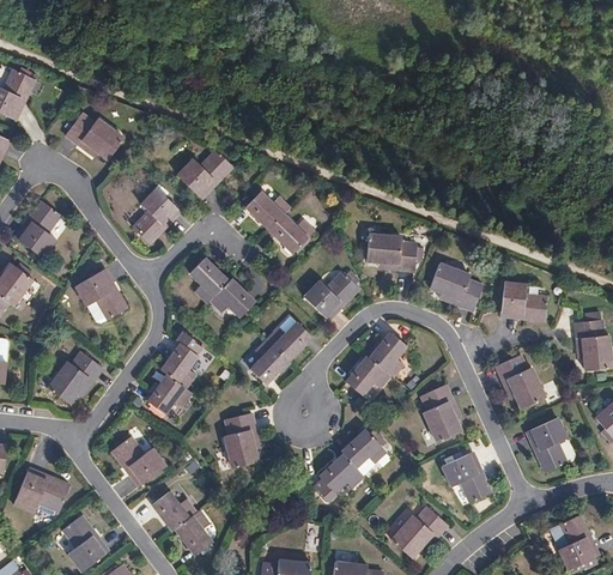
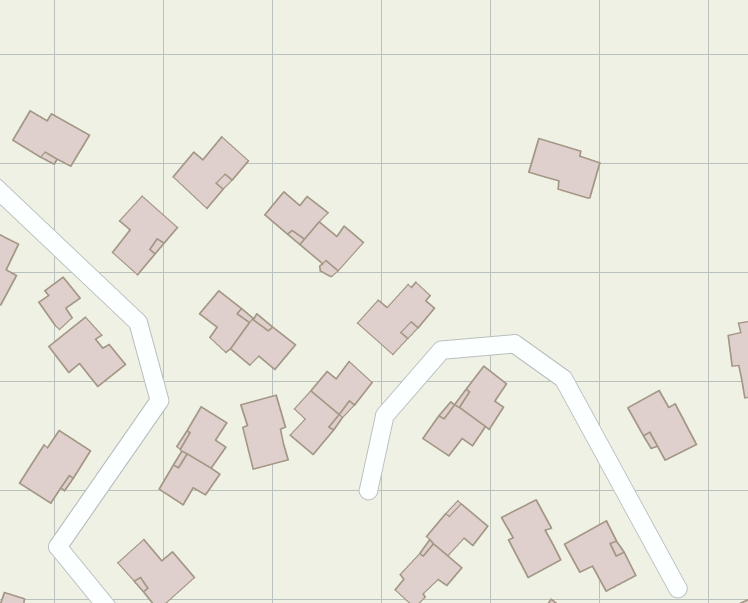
building: [368,234,415,270] -> none
building: none -> [39,277,80,329]
building: [429,262,481,309] -> [529,139,600,198]
building: [502,280,548,320] -> none
building: [420,387,461,443] -> [502,500,561,578]
building: [226,416,257,468] -> [241,395,288,469]
building: [527,418,569,474] -> none

